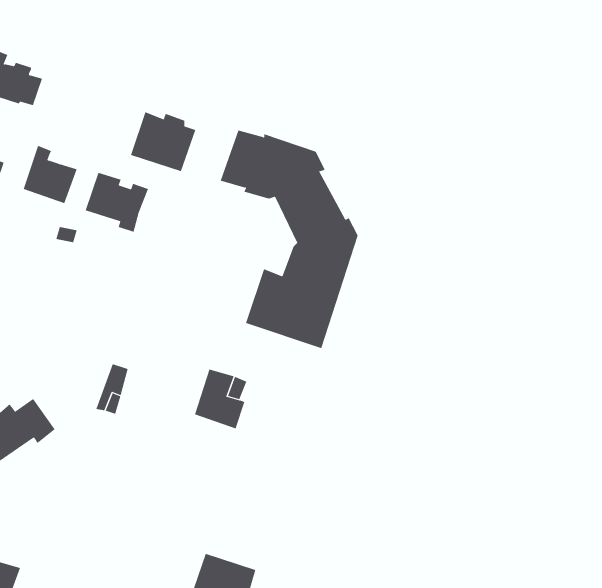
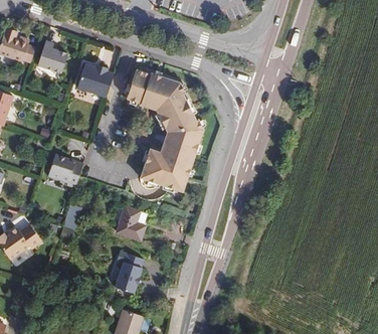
building: [23,145,78,204] -> [36,39,66,71]
building: [85,172,149,233] -> [46,153,81,186]
building: none -> [113,249,141,292]

